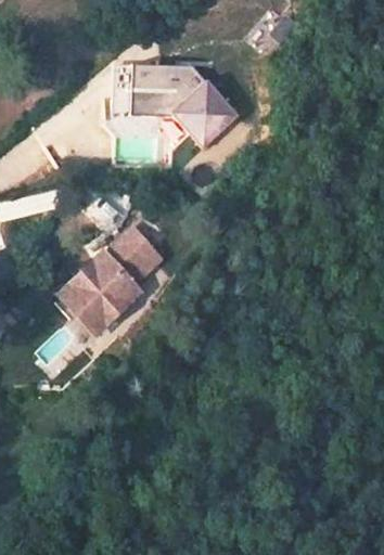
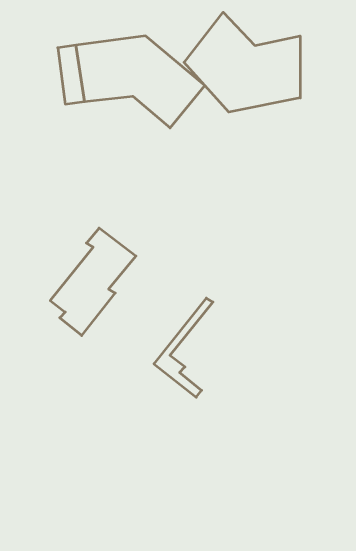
building: none -> [184,12,300,112]
building: [61,242,120,328] -> [154,298,213,397]

